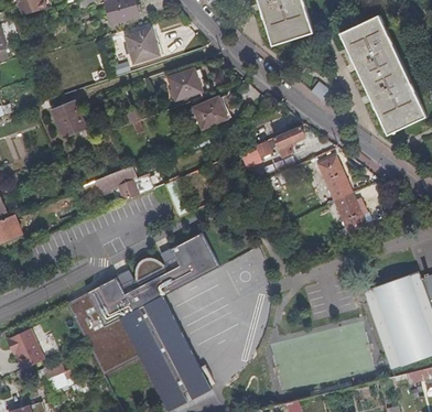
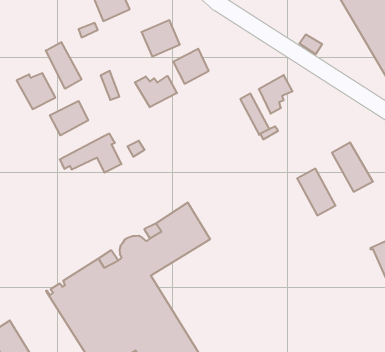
building: none -> [46,42,81,89]
building: none -> [135,76,177,107]
building: none -> [50,101,88,135]
building: [318,156,352,199] -> [297,169,336,215]

